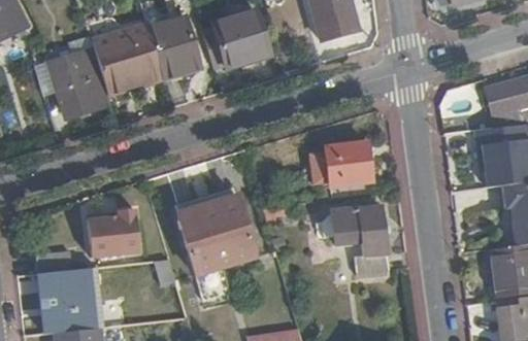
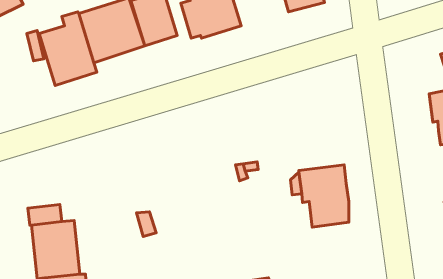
building: [324,140,374,186] -> none
building: [174,185,255,274] -> none
building: [87,209,139,255] -> none

